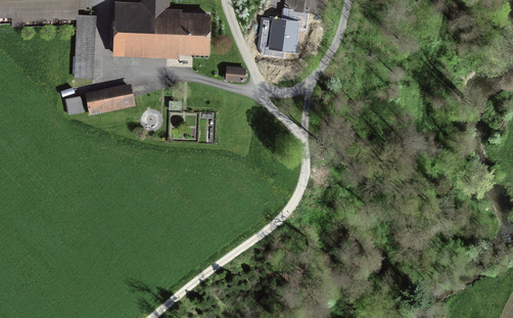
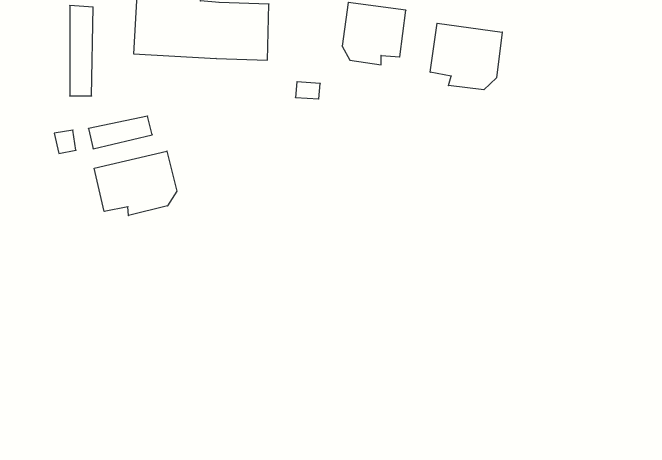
building: none -> [430,23,502,90]
building: none -> [94,151,177,216]

